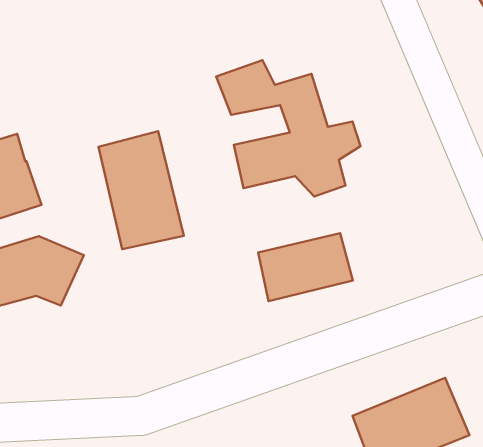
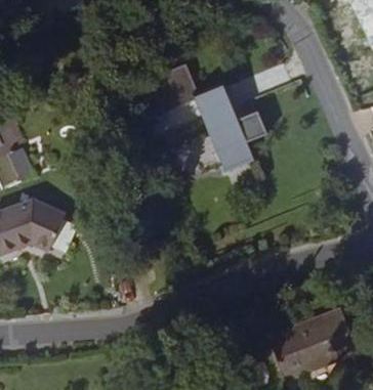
building: [98,131,184,249] -> none
building: [258,233,353,301] -> none

